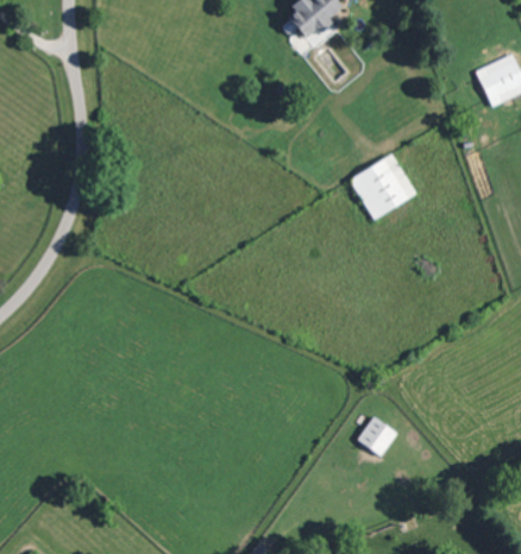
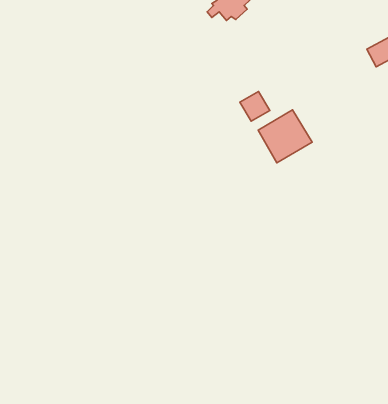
building: none -> [240,91,270,121]
building: [357,417,397,458] -> none

